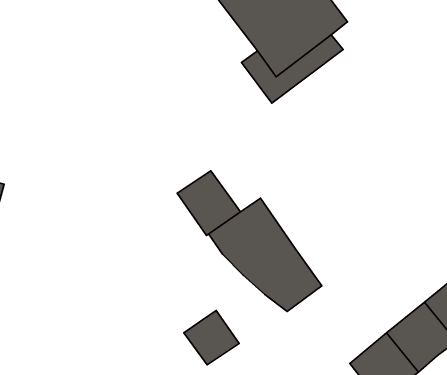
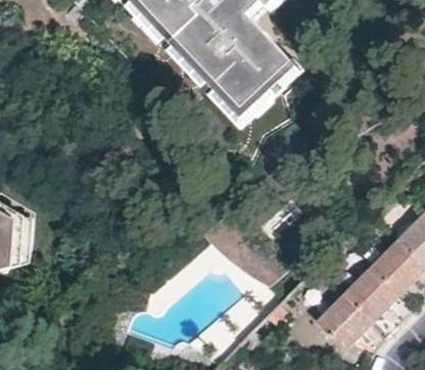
building: [177,171,240,235] -> none
building: [184,310,239,365] -> none

